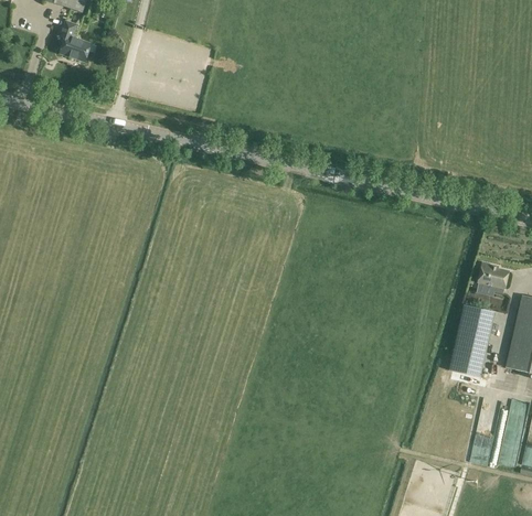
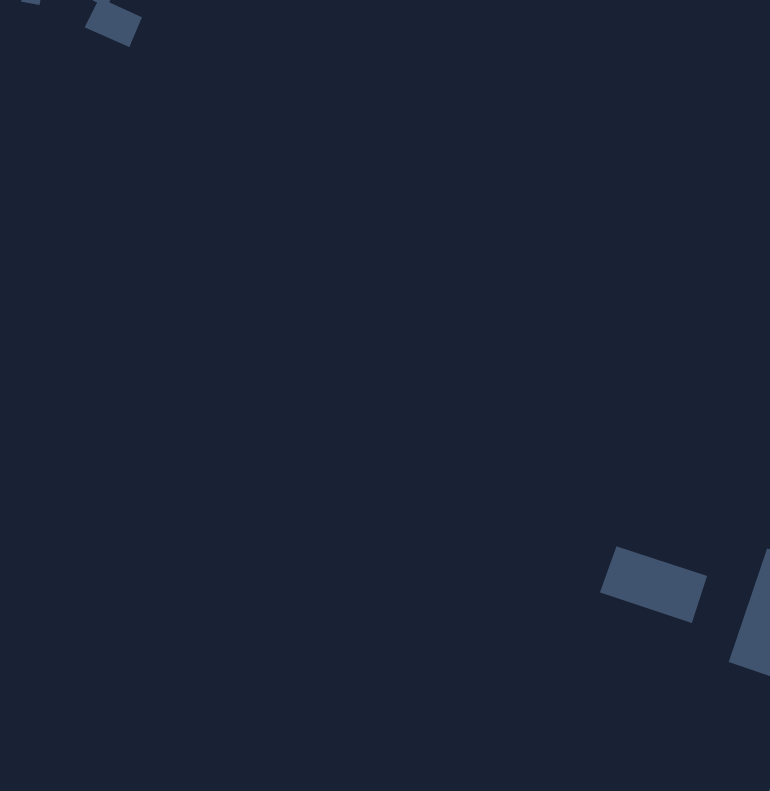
building: none -> [599,545,708,624]

